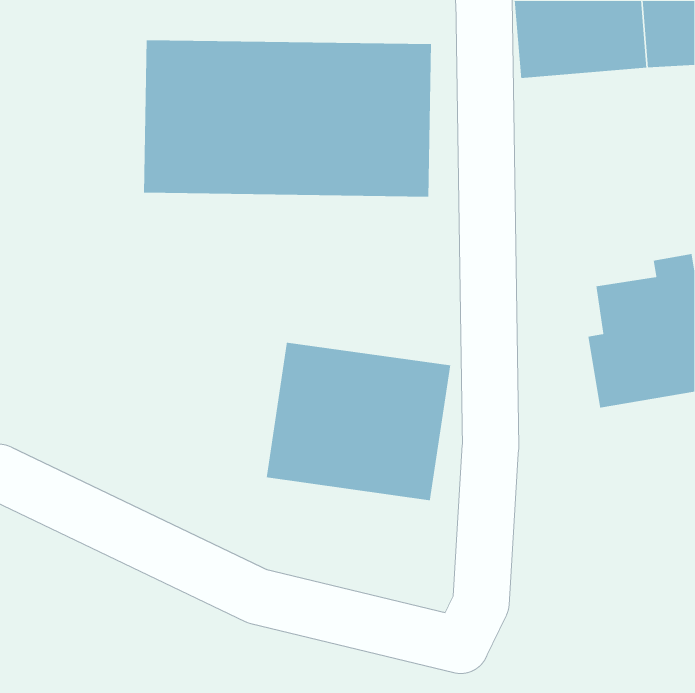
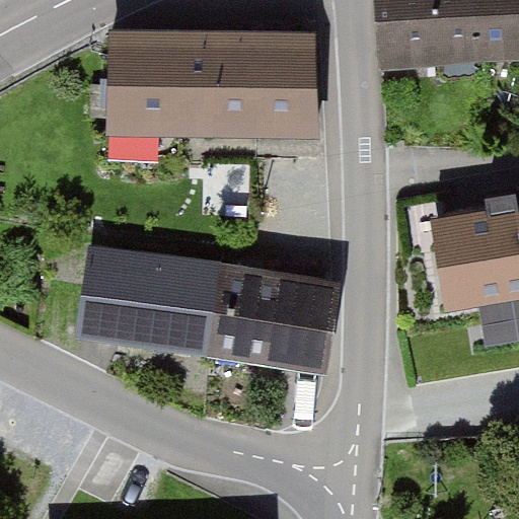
building: none -> [75,239,213,358]

